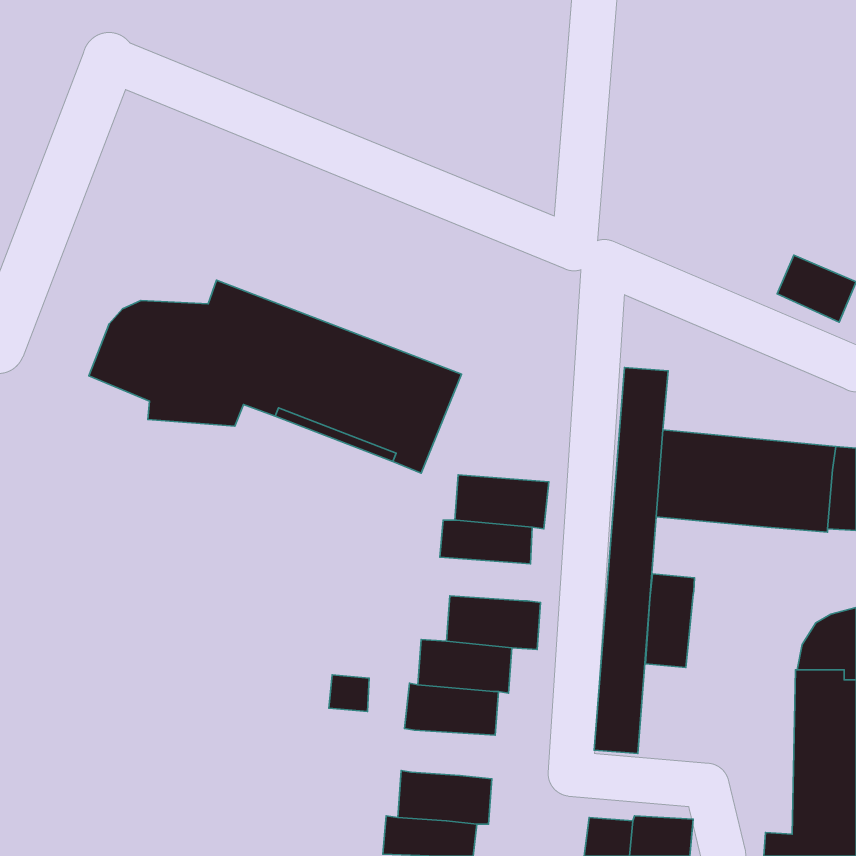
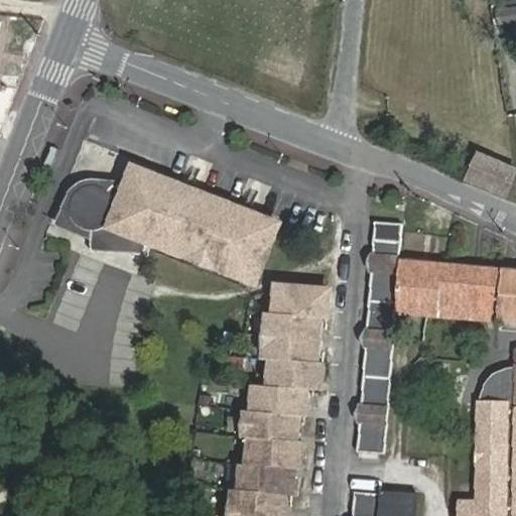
building: none -> [262,335,318,361]
building: [645,574,694,668] -> none
building: none -> [247,438,303,468]

